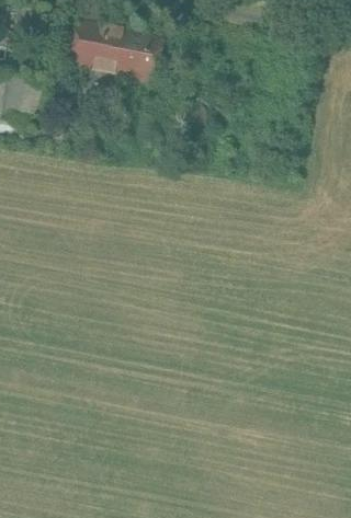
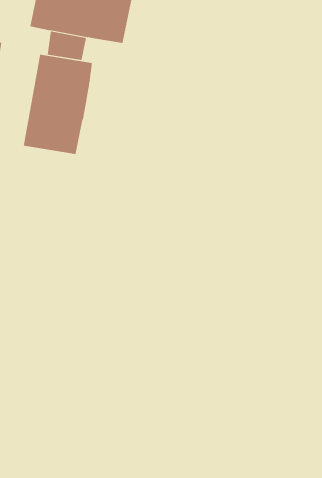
building: none -> [23,54,93,155]

